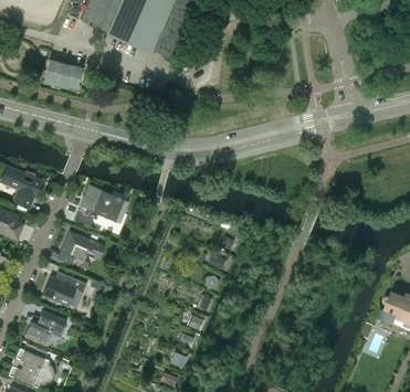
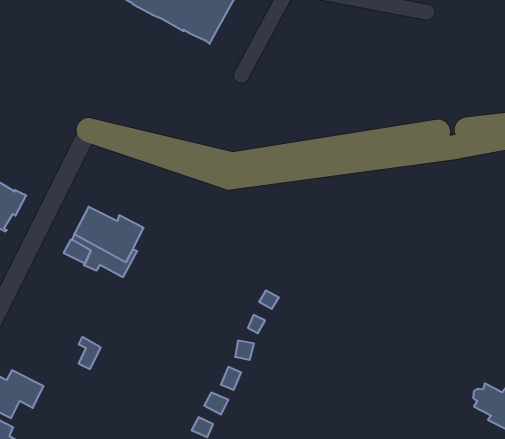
building: [42,59,80,87] -> none
building: [56,233,104,264] -> none
building: [41,271,85,307] -> none

